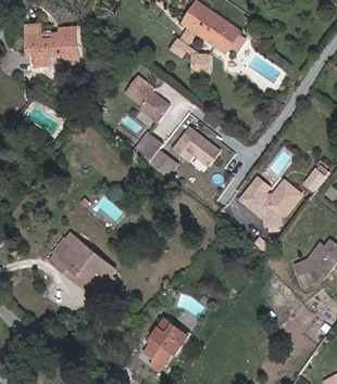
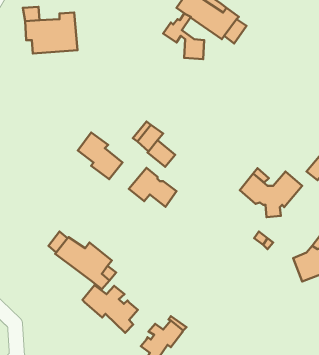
building: [126,77,170,123] -> [78,133,122,179]
building: [173,129,220,167] -> [129,168,177,207]
building: none -> [83,285,138,333]

